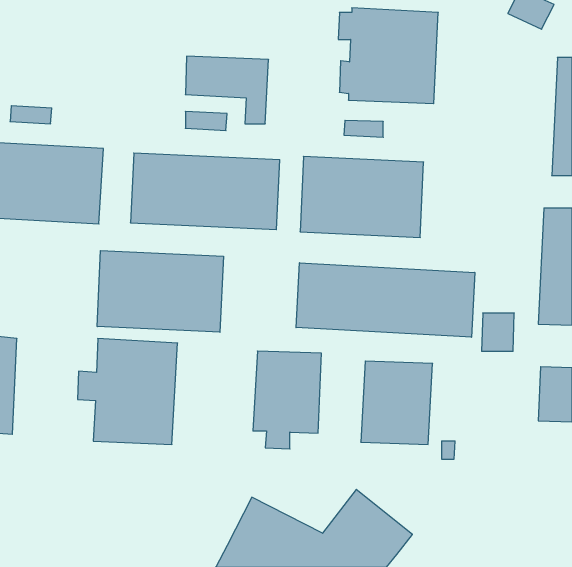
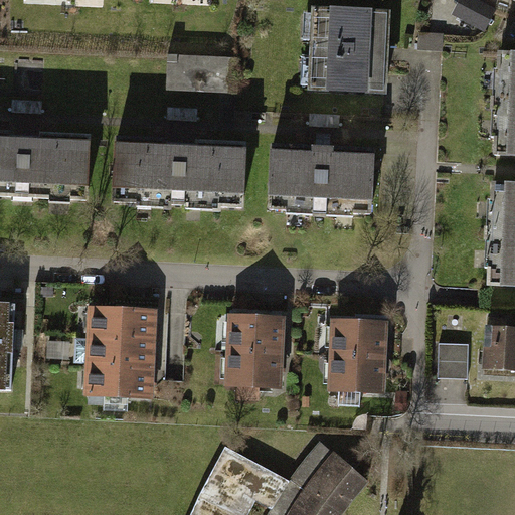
building: [97,251,223,332] -> none
building: [296,263,475,337] -> none
building: [482,313,514,351] -> [438,339,467,373]

